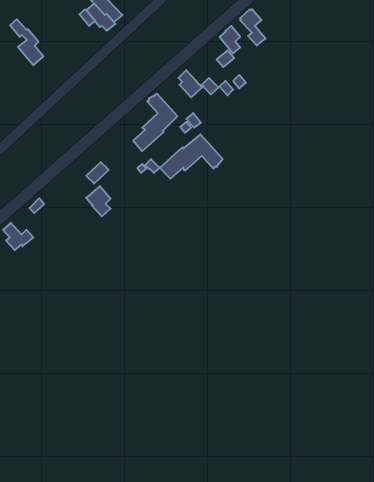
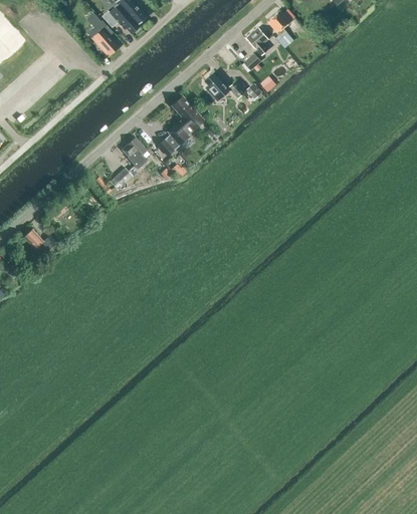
building: [10,19,43,65] -> [83,9,118,56]
building: [160,134,223,179] -> none
building: [86,186,111,216] -> [122,137,147,168]

